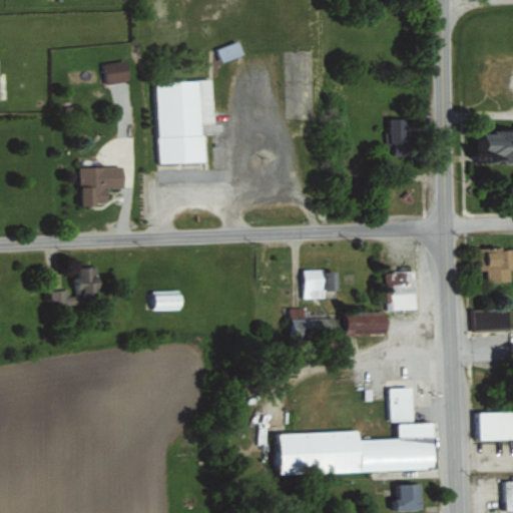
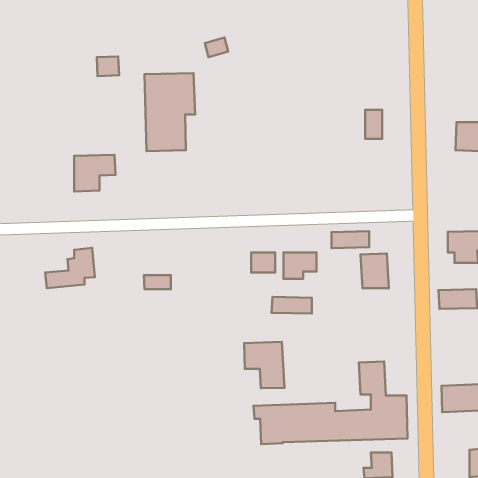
building: none -> [251,252,275,273]
building: [347,317,387,335] -> [331,231,369,248]
building: none -> [244,342,285,388]

